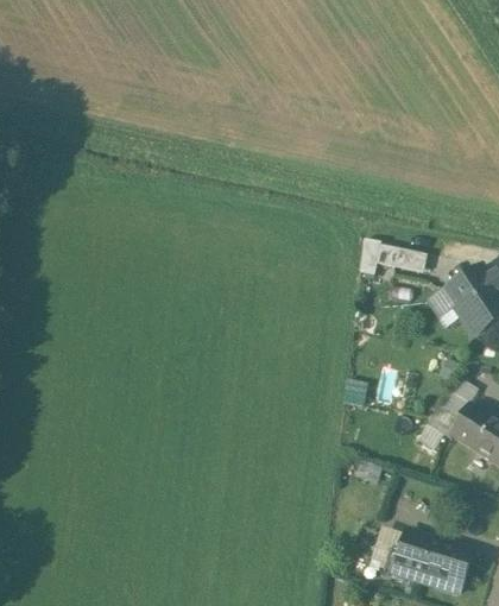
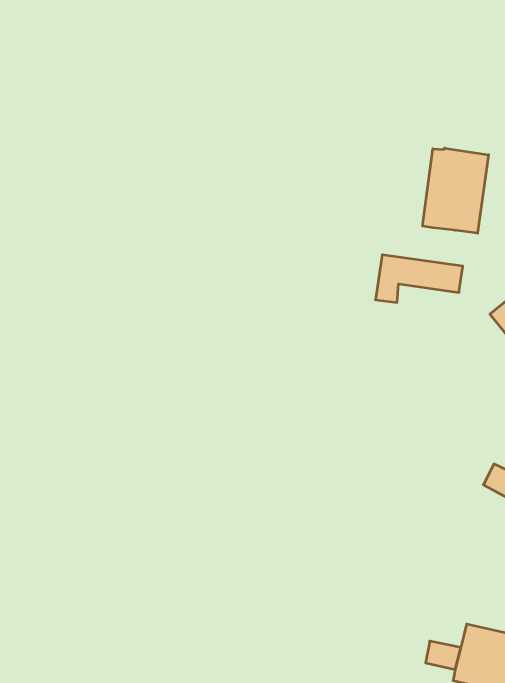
building: none -> [423,148,489,233]

